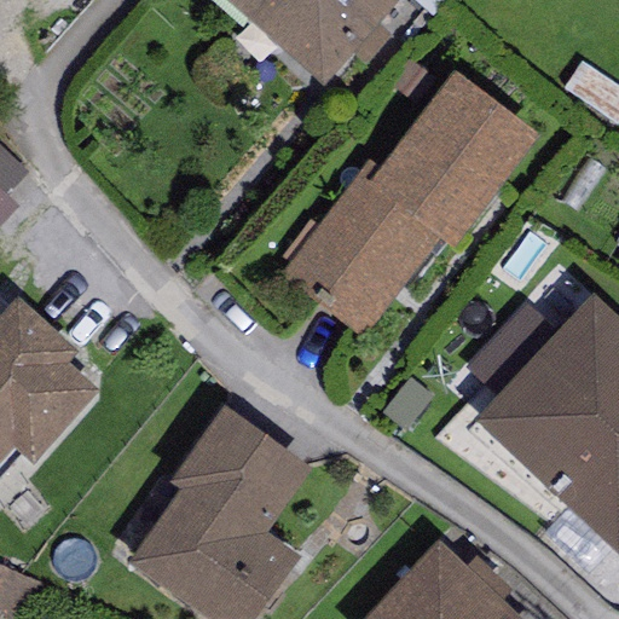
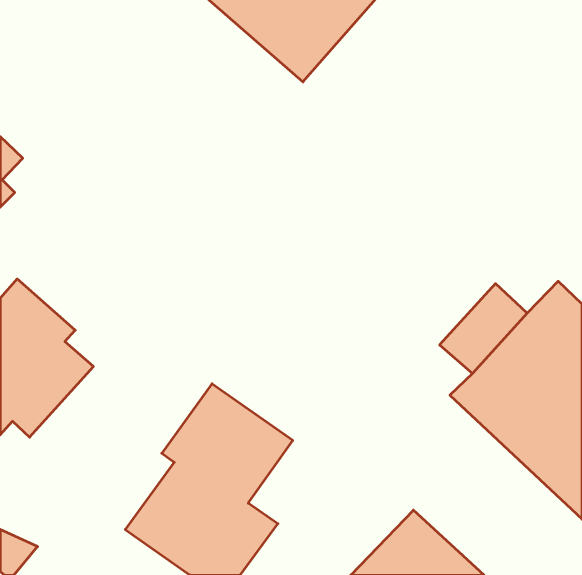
building: [279,71,539,336] -> none

